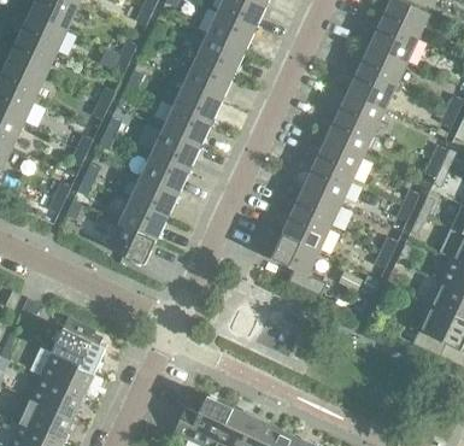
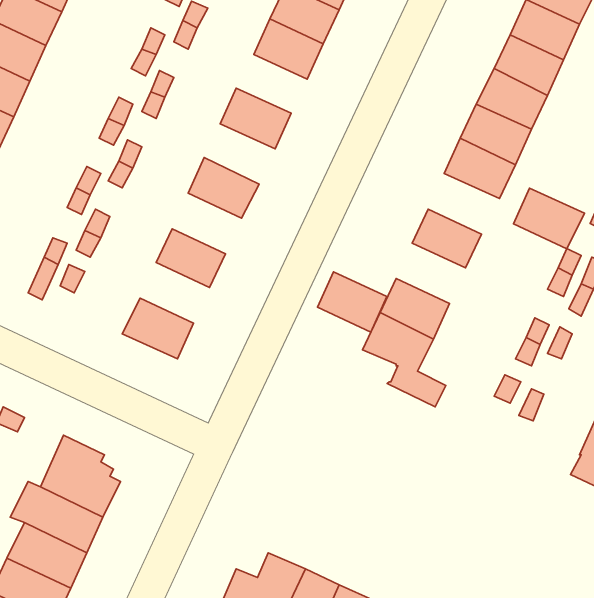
building: [184,58,233,98] -> none
building: [163,105,211,146] -> none
building: [315,139,363,180] -> [513,188,585,249]
building: [141,152,188,193] -> none
building: [293,186,340,227] -> [317,272,387,332]
building: [119,199,166,240] -> none

